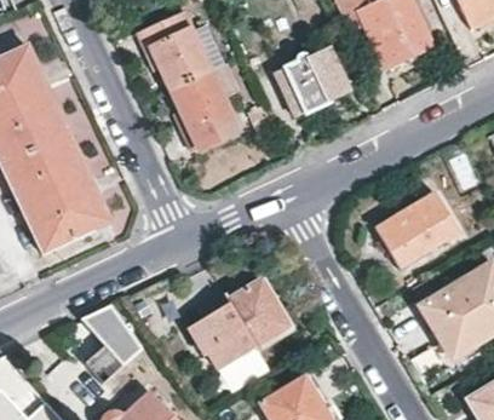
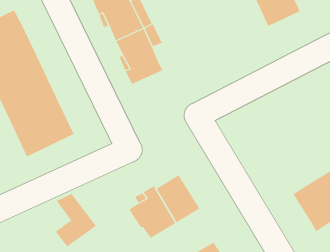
building: [276,47,349,114] -> none
building: [374,192,458,267] -> none

